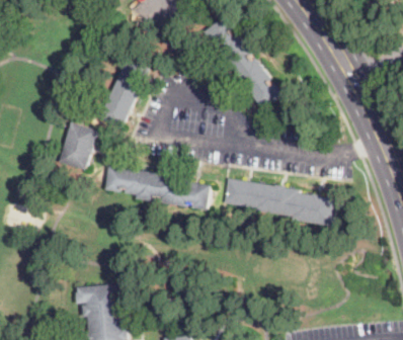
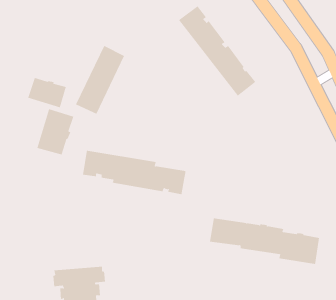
building: none -> [28,77,66,108]
building: [223,178,336,226] -> [209,218,320,264]

